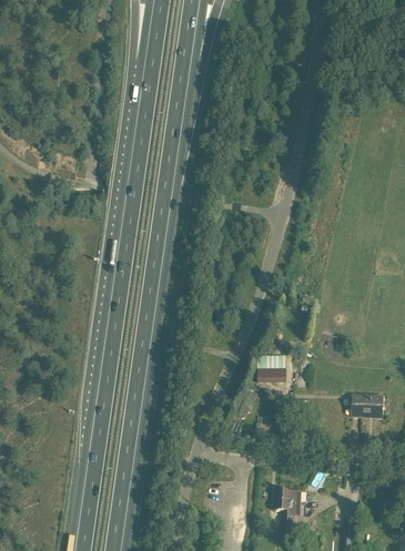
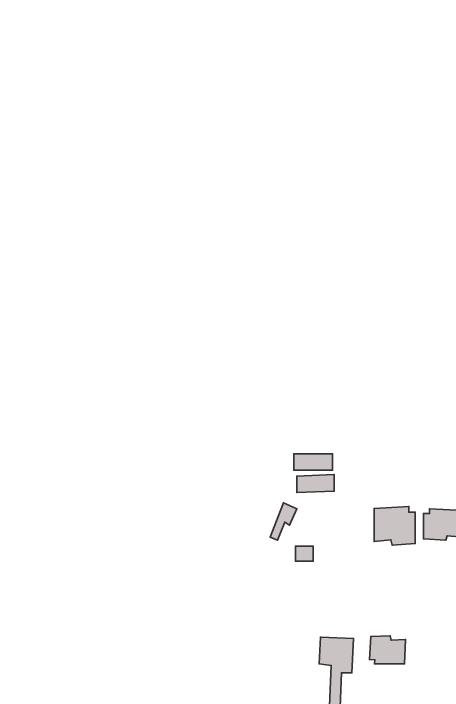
building: none -> [374,507,415,545]
building: none -> [370,636,405,664]

